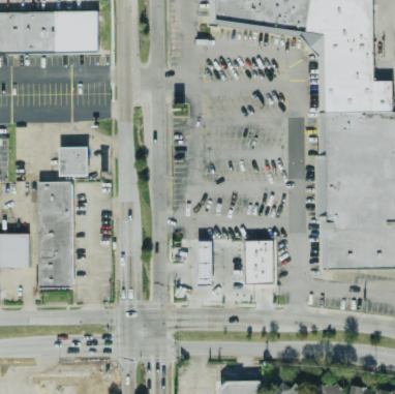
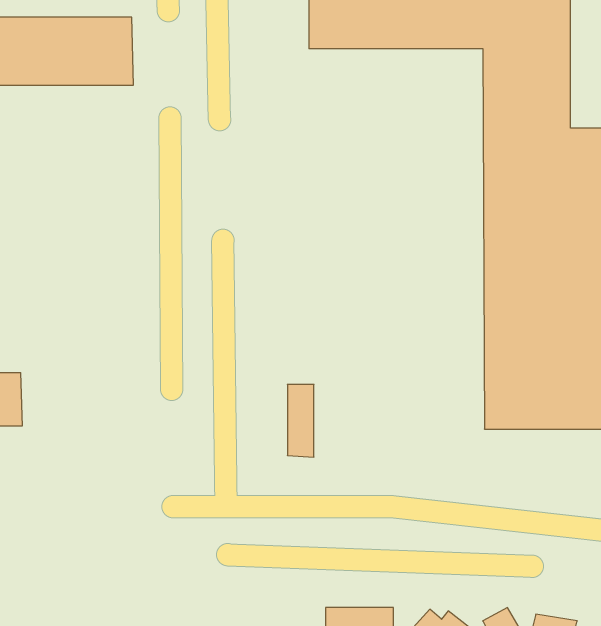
building: [59,147,88,176] -> none
building: [37,181,74,289] -> none
building: [244,240,274,283] -> none

